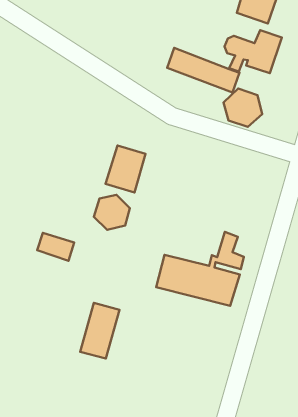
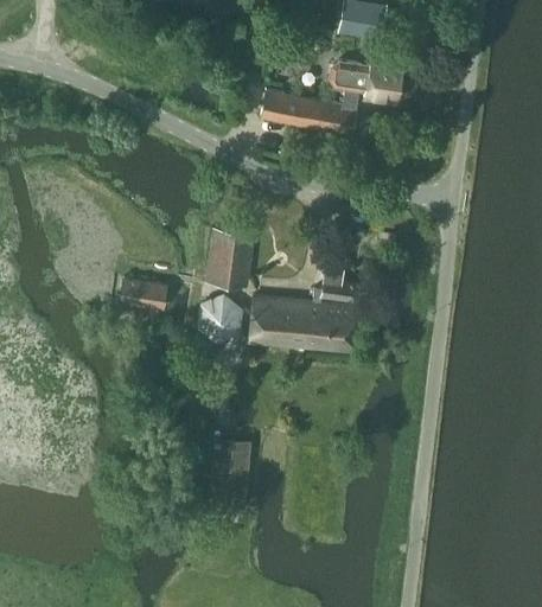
building: [224,89,262,127] -> none
building: [156,232,244,306] -> [250,255,357,350]
building: [37,233,74,261] -> [120,277,166,308]

